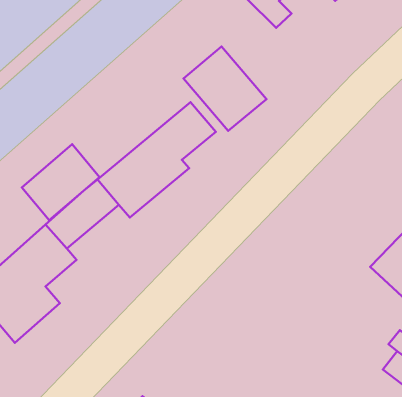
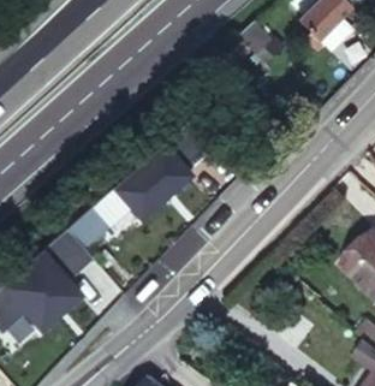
building: [183,47,267,131] -> none
building: [22,144,100,220] -> none

